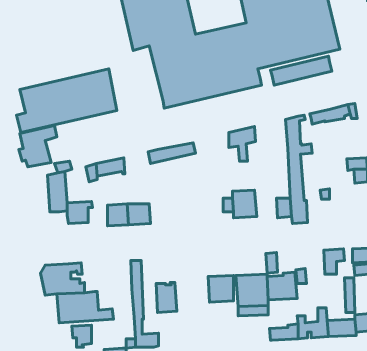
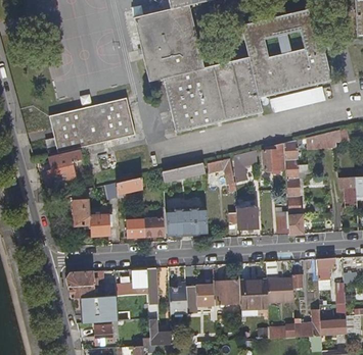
building: none -> [262,143,285,169]
building: none -> [207,157,235,191]
building: none -> [165,194,209,235]
building: none -> [115,267,147,295]
building: none -> [185,285,217,319]

